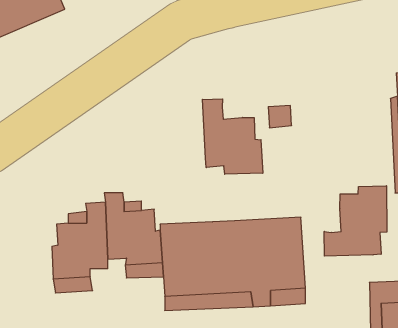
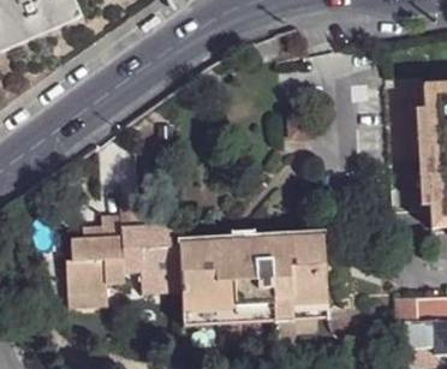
building: [202,99,263,174] -> none
building: [324,186,387,256] -> none

